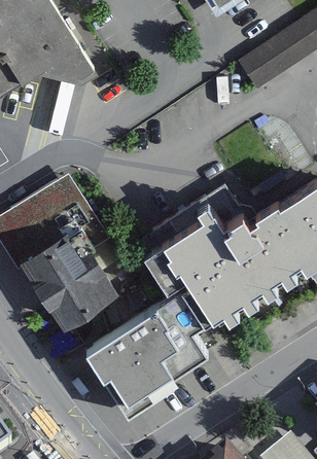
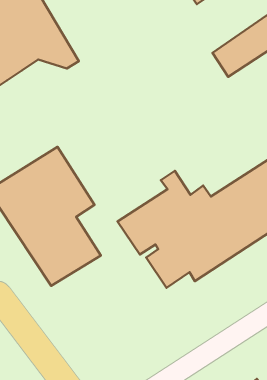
building: [80,290,203,410] -> none

